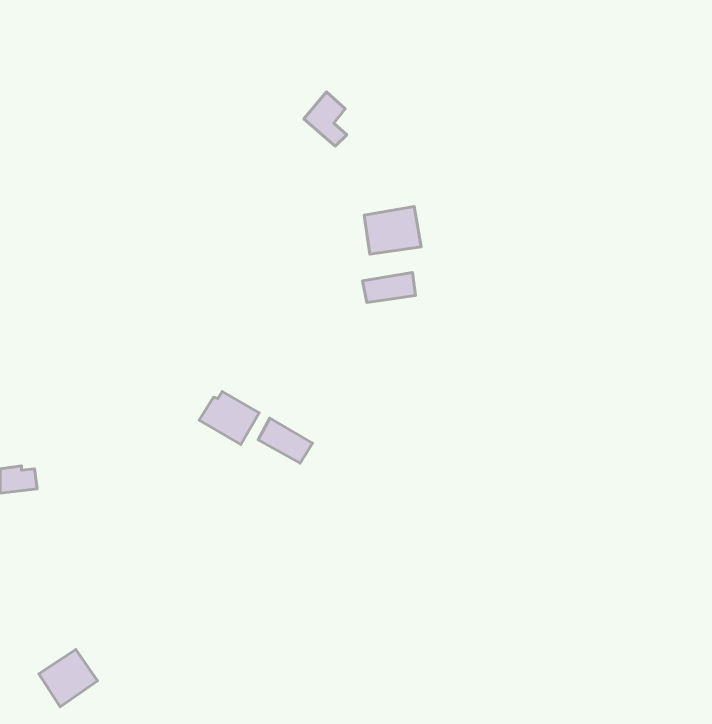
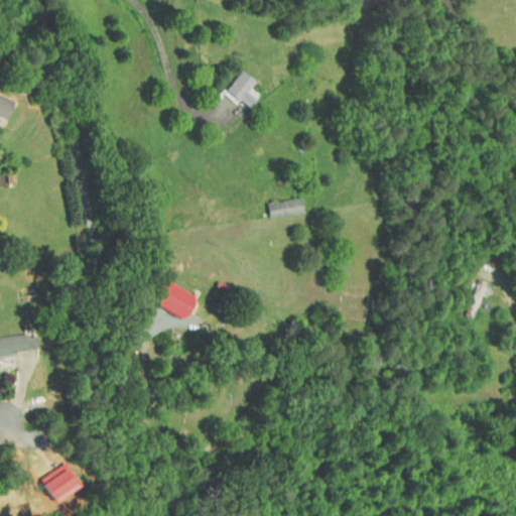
building: [364,207,421,254] -> none
building: [258,418,312,463] -> none

